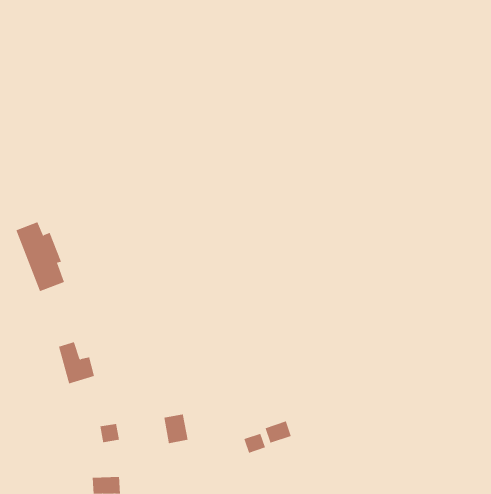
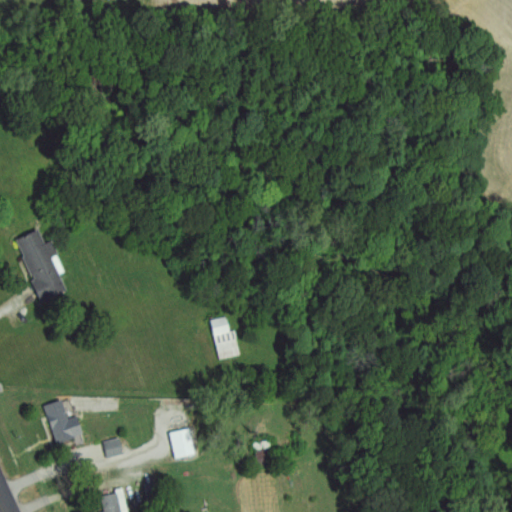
building: none -> [212,317,237,359]
building: [58,342,95,384] -> [45,400,83,444]
building: [265,421,292,444] -> none

